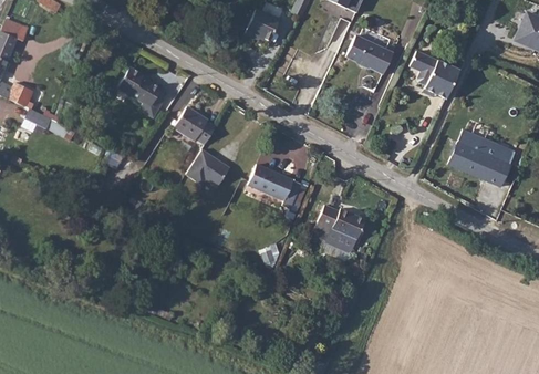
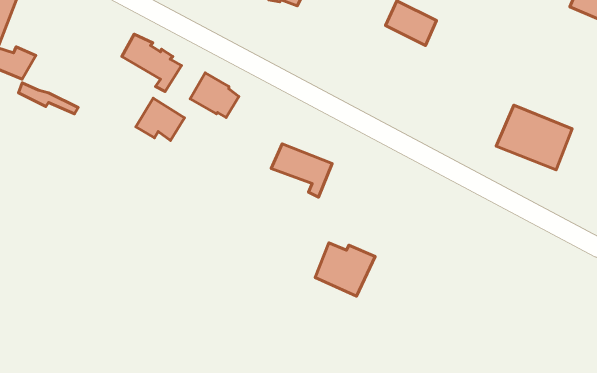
building: [406,50,454,98] -> none
building: [187,148,230,186] -> [136,98,184,140]
building: [311,206,364,253] -> [315,243,375,296]

